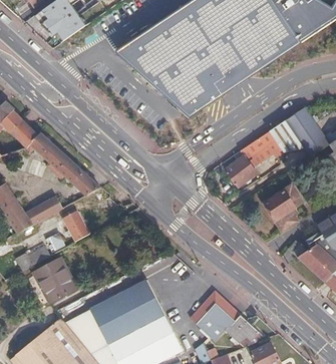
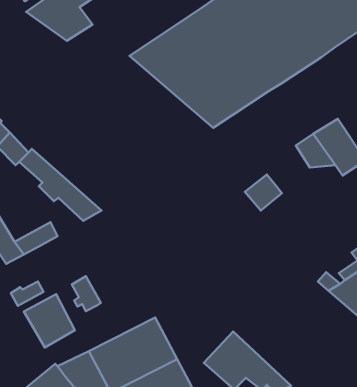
building: [239,130,280,166] -> none
building: [264,184,302,228] -> none
building: [66,211,91,241] -> [72,276,101,311]

